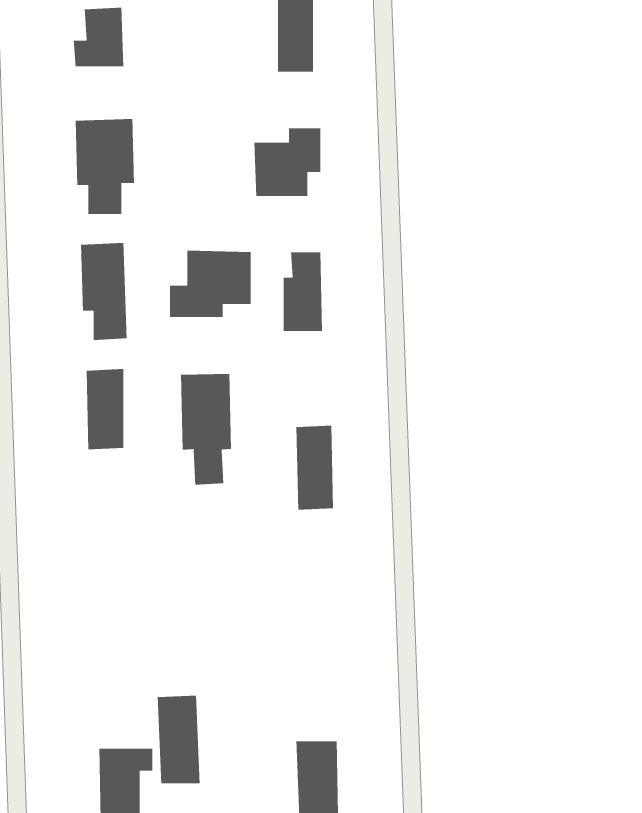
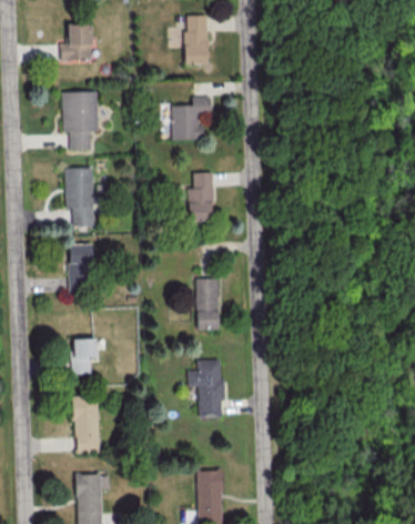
building: [169,250,252,318] -> none
building: [180,373,232,486] -> none
building: none -> [72,339,97,373]
building: none -> [188,359,223,416]
building: [157,695,201,784] -> [73,396,100,451]

